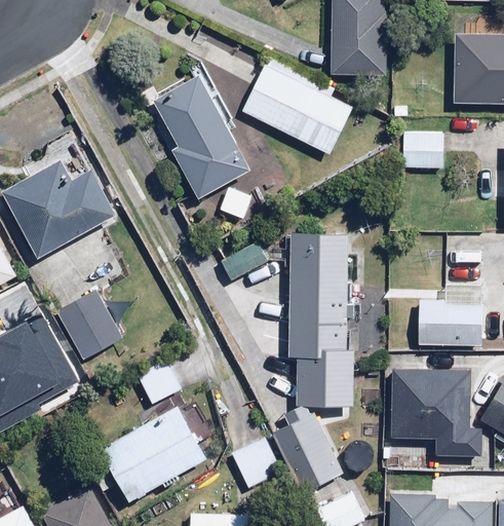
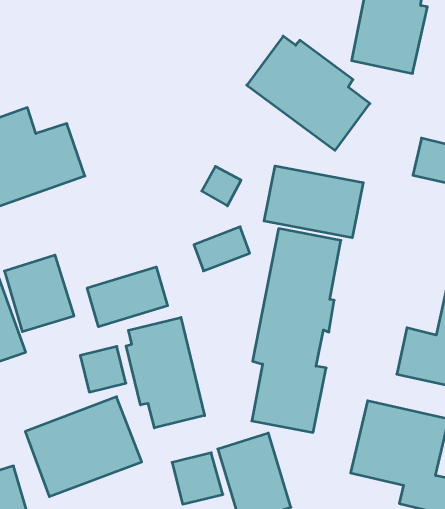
building: [140,64,249,199] -> none
building: none -> [264,166,363,238]
building: none -> [87,267,168,327]
building: none -> [126,317,205,428]

